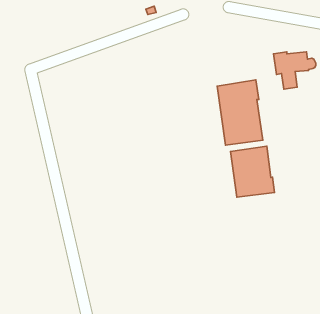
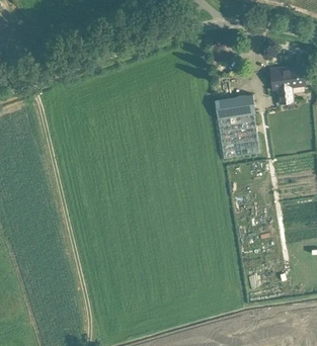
building: [231,146,274,197] -> none

